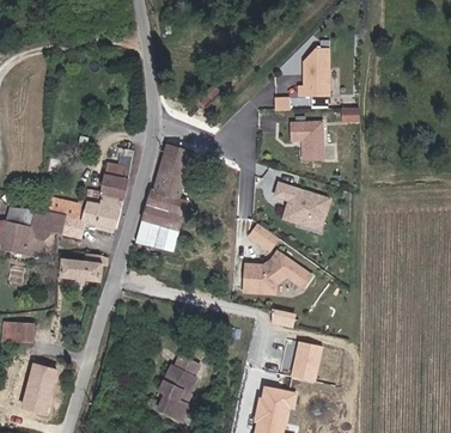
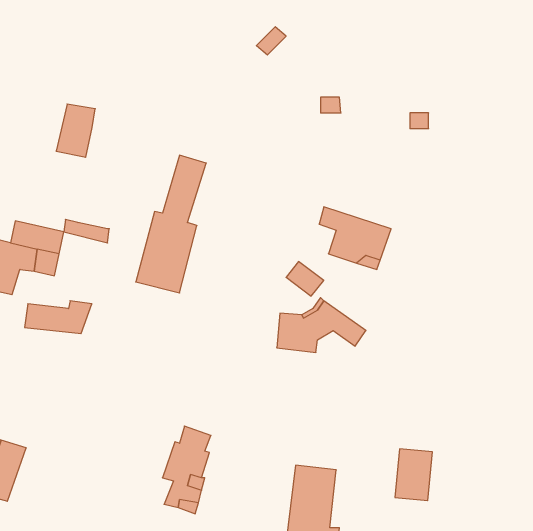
building: [303,50,334,98] -> none
building: [294,123,327,161] -> none
building: [93,160,123,201] -> [56,104,95,157]
building: [79,203,116,228] -> none
building: [290,337,318,377] -> [395,449,432,501]

